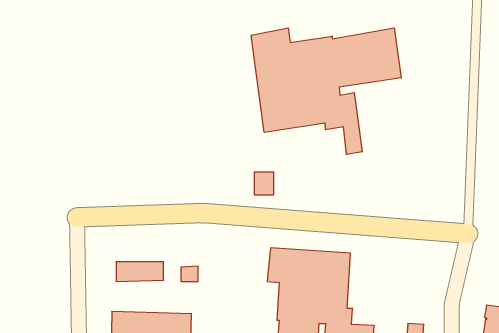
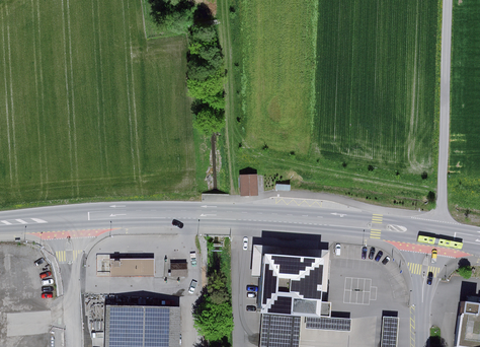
building: [251,28,401,155] -> none

